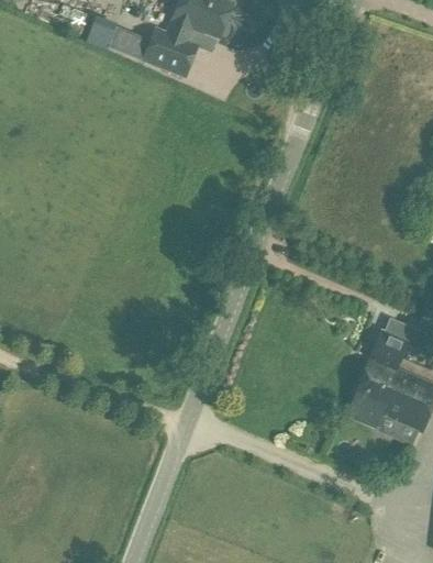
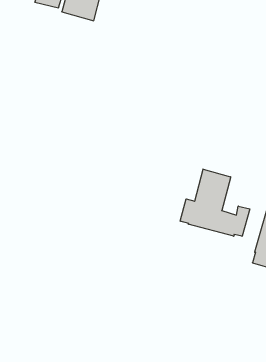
building: none -> [180,169,250,236]

